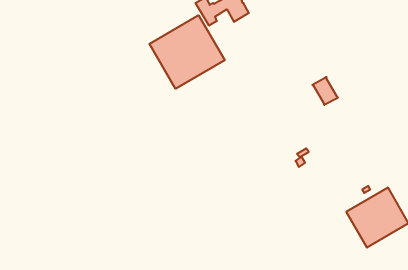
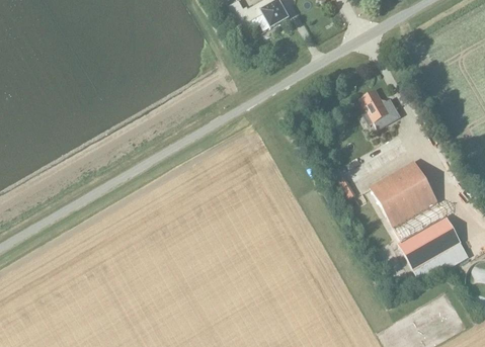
building: [149,15,225,89] -> none
building: none -> [372,162,439,228]

